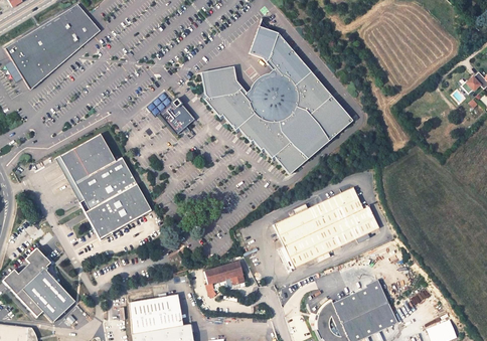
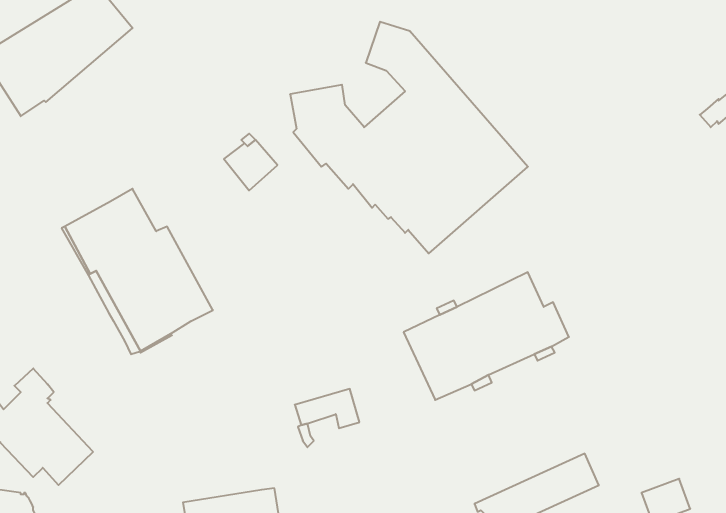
building: [316,278,389,334] -> none
building: [130,294,183,333] -> none

